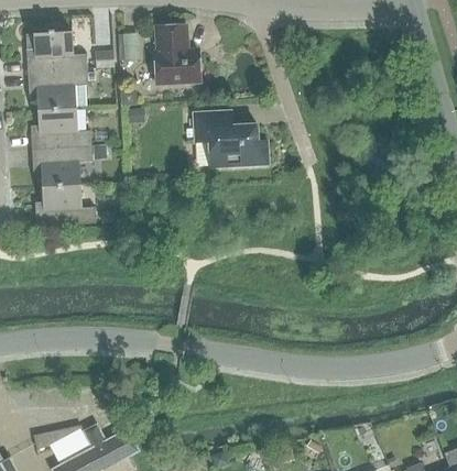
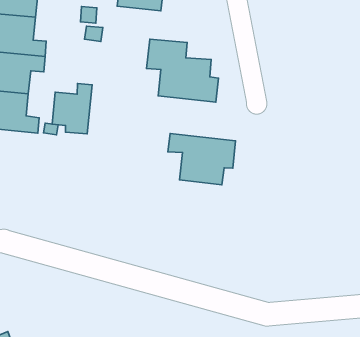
building: none -> [52,83,92,134]
building: none -> [168,134,236,185]

